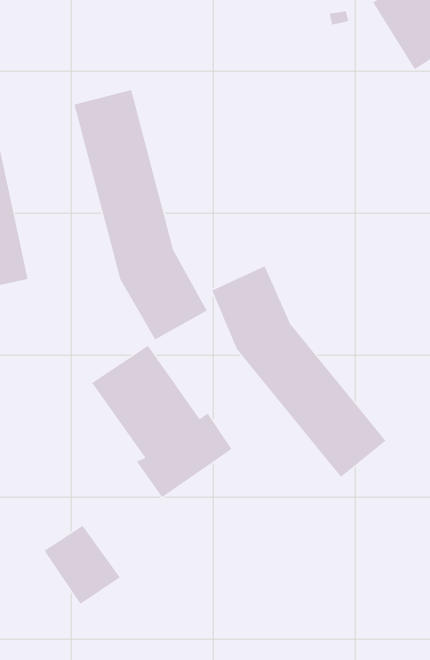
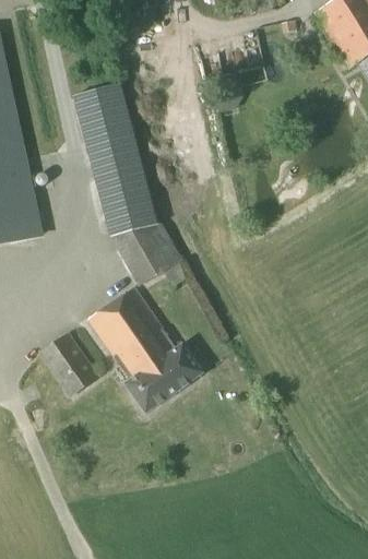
building: [211,265,387,478] -> none
building: [43,525,121,605] -> [36,331,98,395]

